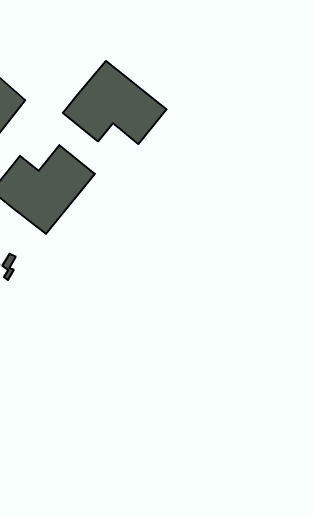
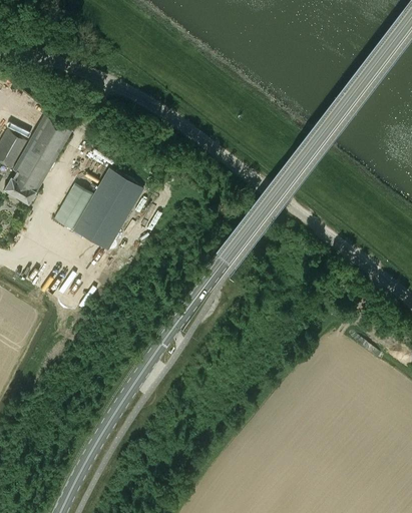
building: [63,61,167,144] -> none

